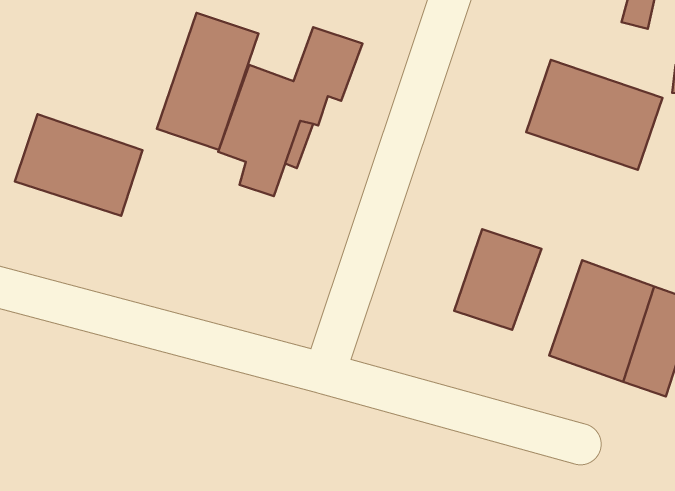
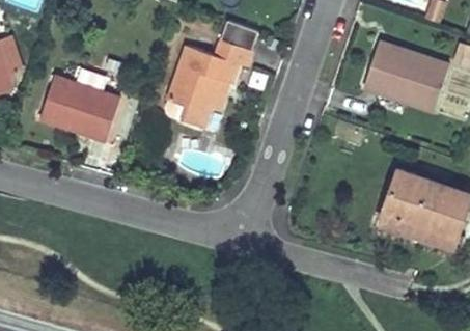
building: [157,13,258,150] -> none
building: [454,229,541,330] -> none

